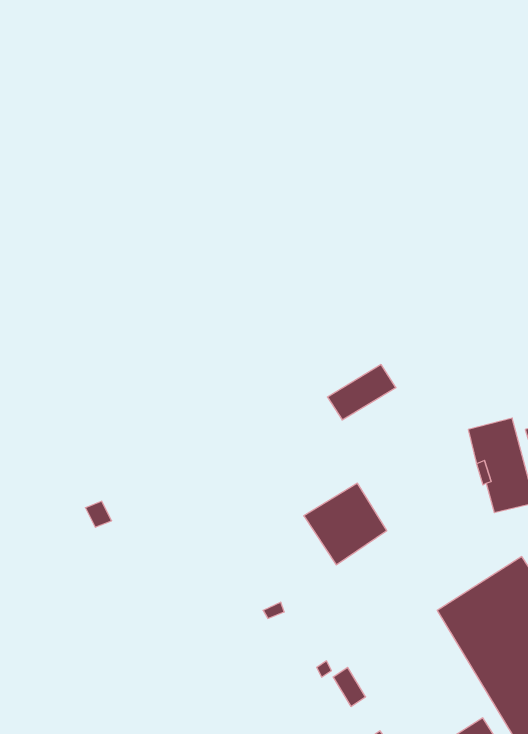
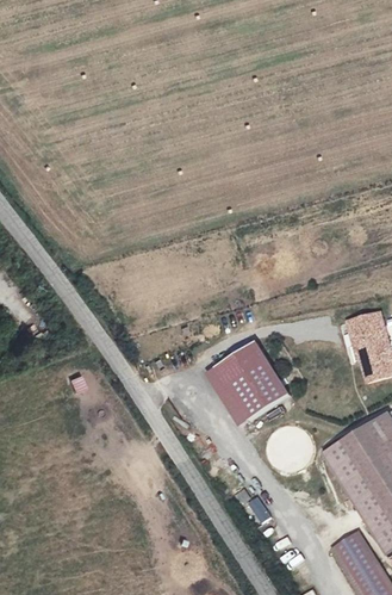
building: [327,365,396,420] -> [214,342,265,383]

